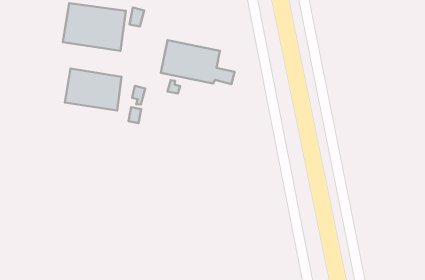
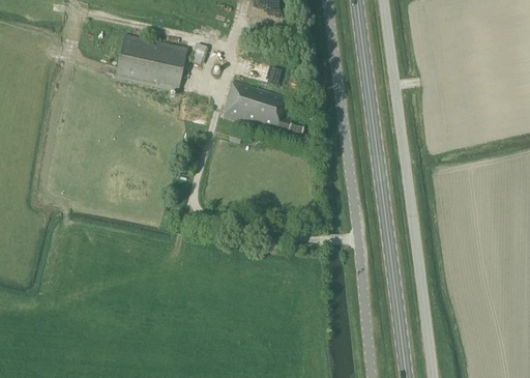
building: [65,68,122,110] -> none

